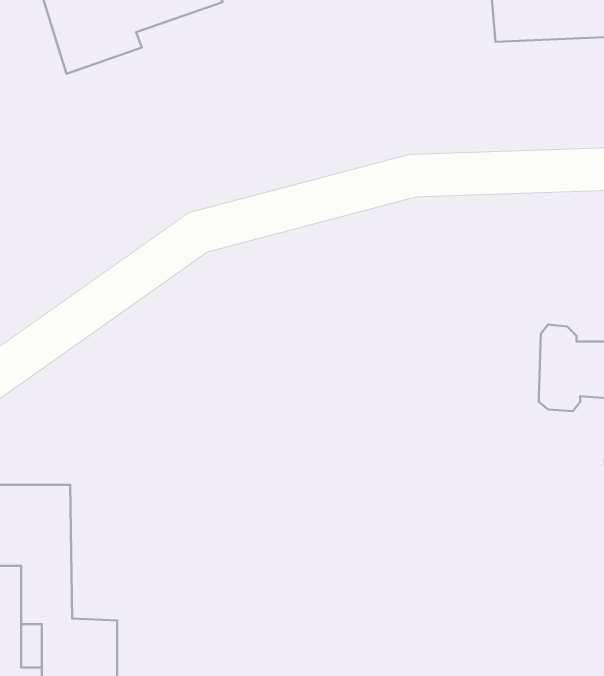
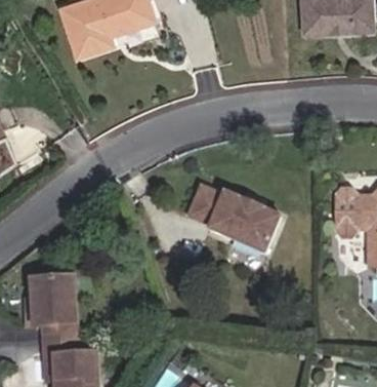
building: none -> [185,184,277,251]

